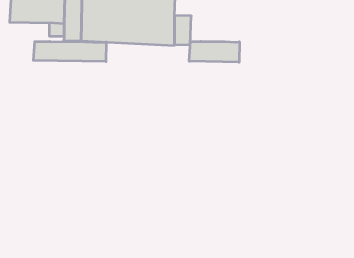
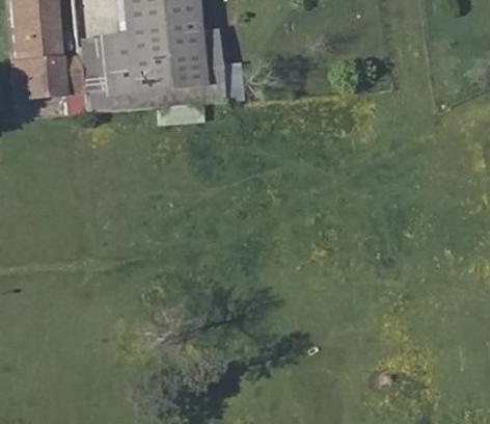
building: [189,41,239,62] -> none
building: [33,41,106,62] -> none

